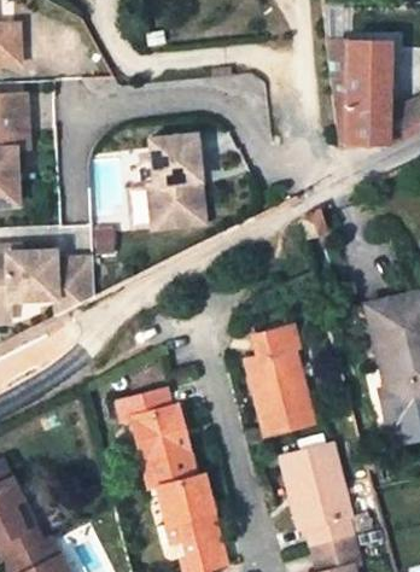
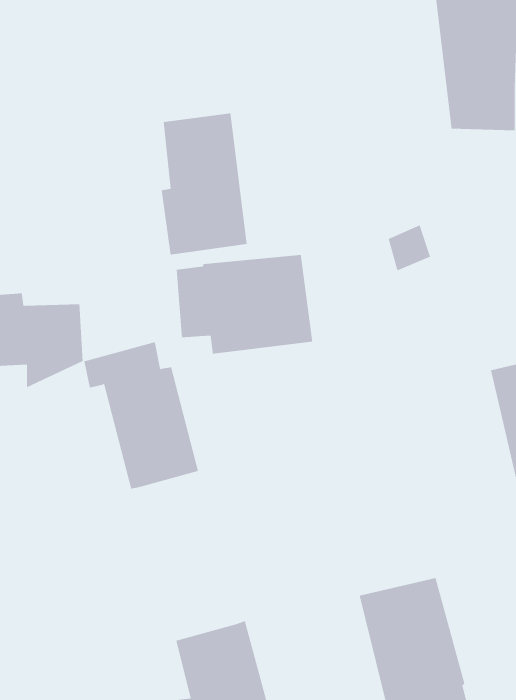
building: none -> [176,254,313,355]
building: [247,327,316,437] -> none
building: [119,389,197,488] -> [84,341,199,489]

